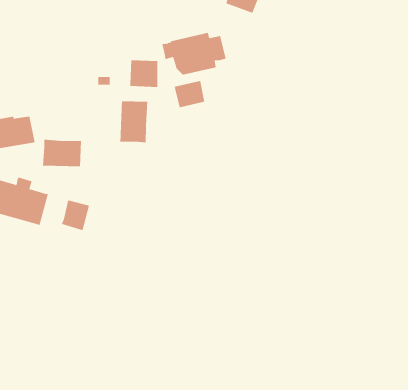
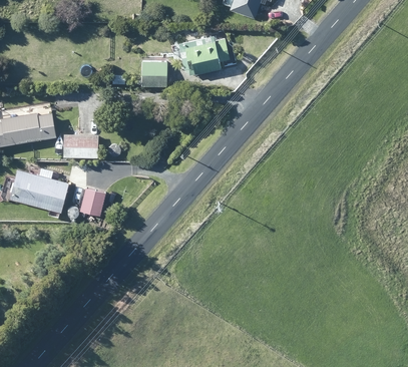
building: [174,80,205,108] -> none
building: [120,101,148,143] -> none

